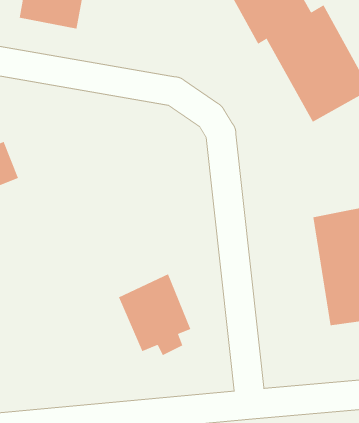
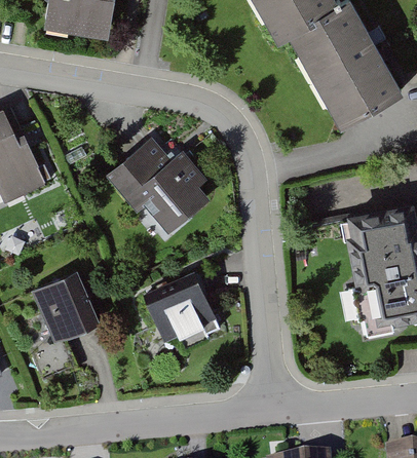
building: none -> [110,130,220,228]
building: none -> [34,272,105,350]

